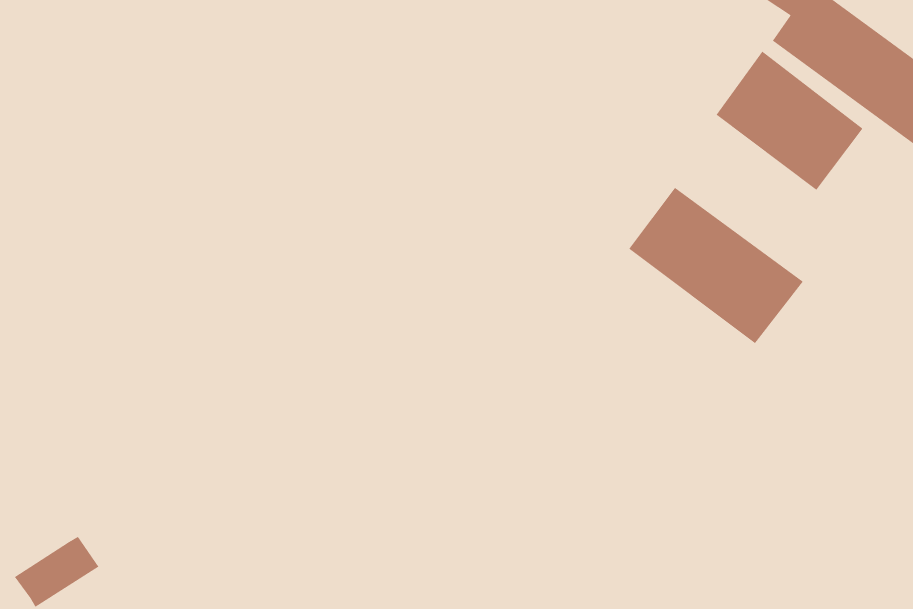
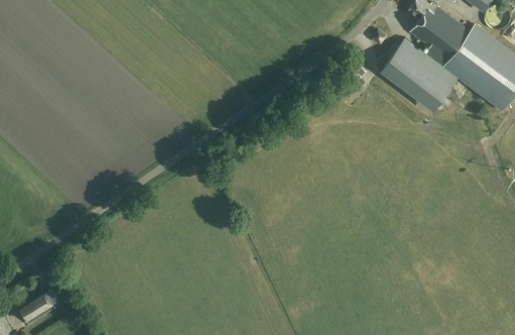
building: [628,187,804,344] -> none

